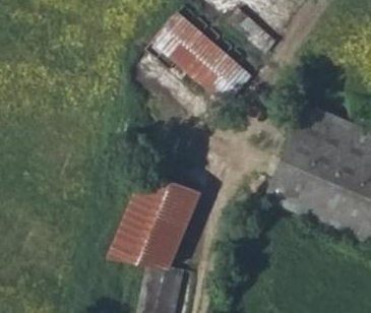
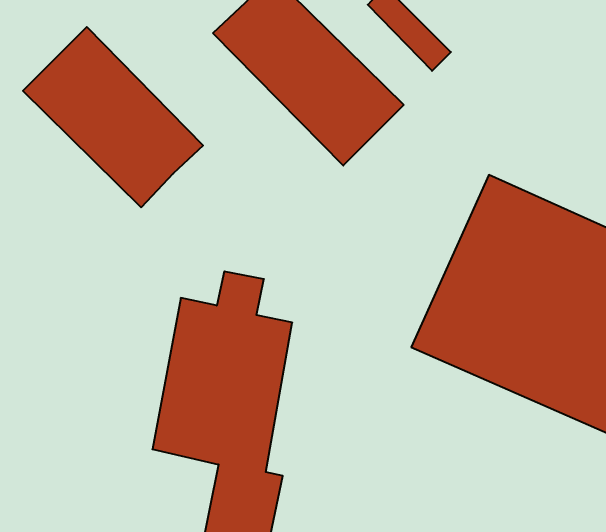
building: none -> [23,27,203,207]

